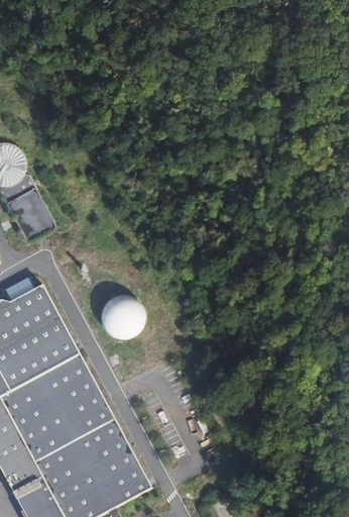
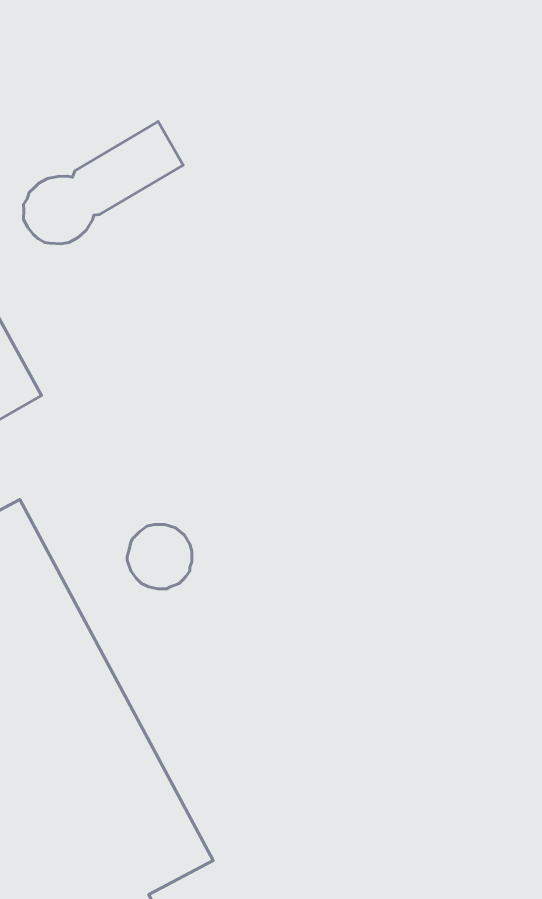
building: none -> [24,121,183,244]

